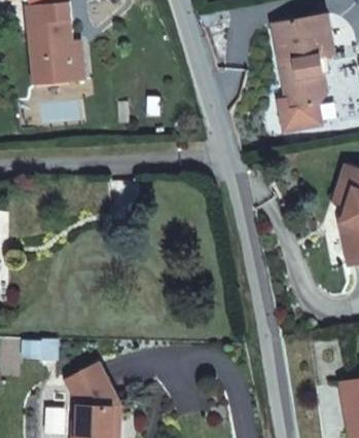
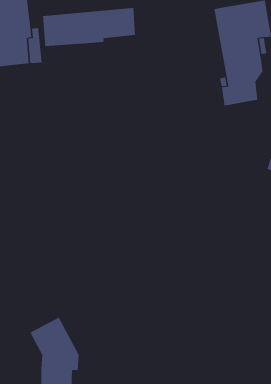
building: none -> [43,7,136,47]

